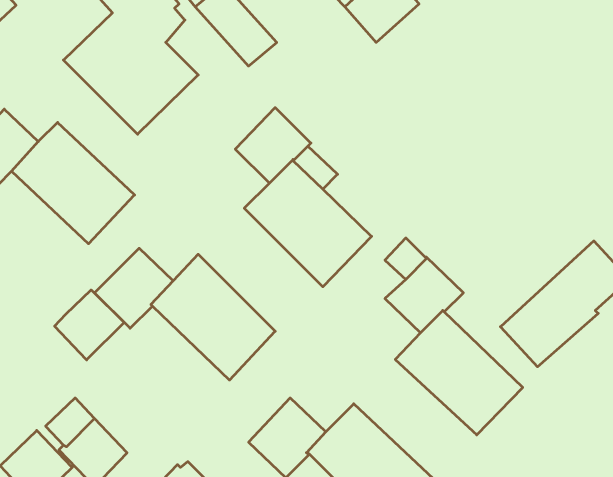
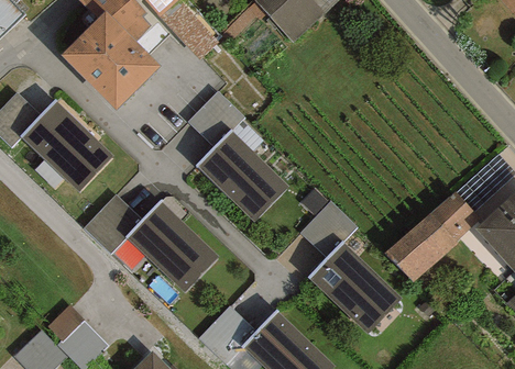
building: [55,290,124,360] -> none

